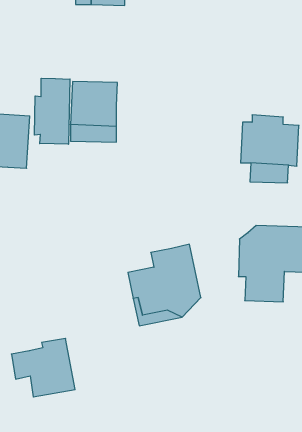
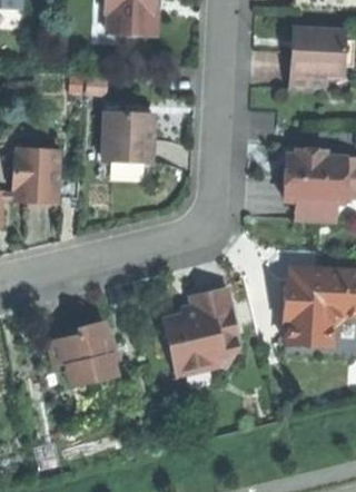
building: none -> [291,30,343,90]
building: [35,78,70,144] -> none
building: [11,338,75,397] -> [47,319,115,382]

